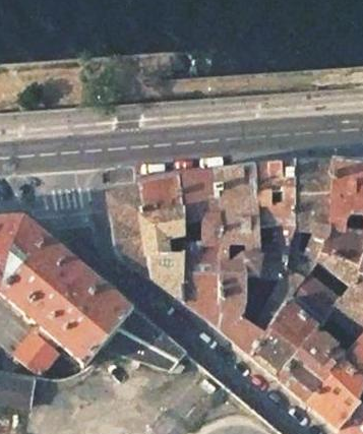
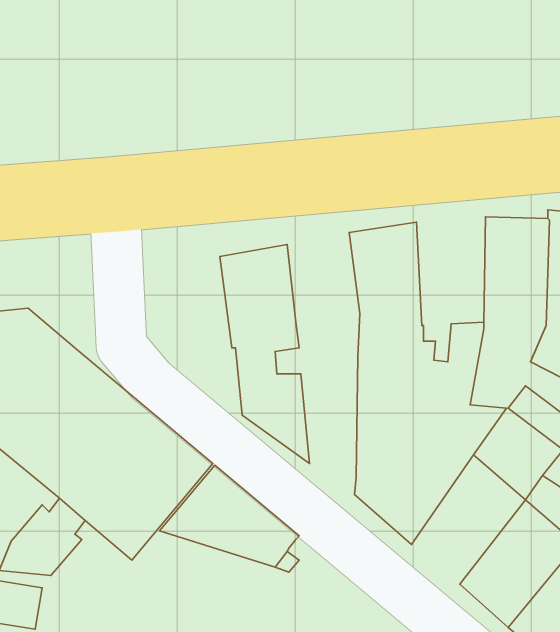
building: [253,162,294,226] -> none
building: [177,171,220,325] -> none
building: [107,185,150,278] -> none
building: [250,302,317,378] -> none

